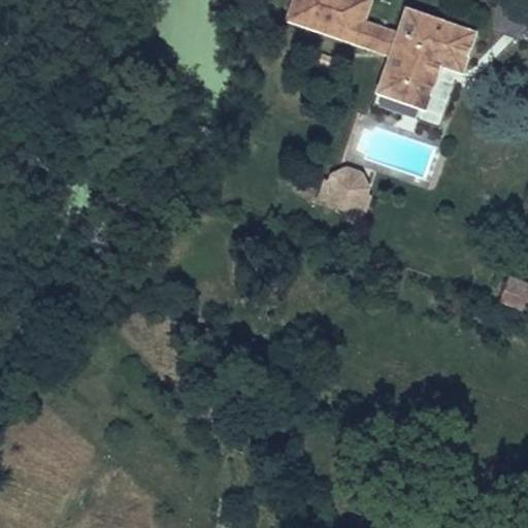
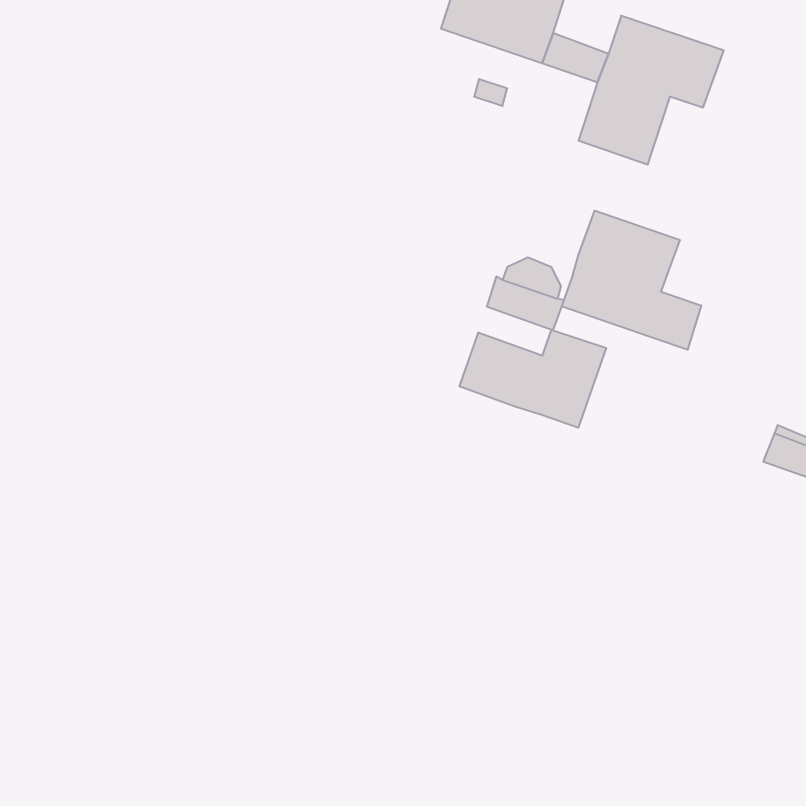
building: none -> [562,211,701,350]
building: none -> [460,330,606,428]

